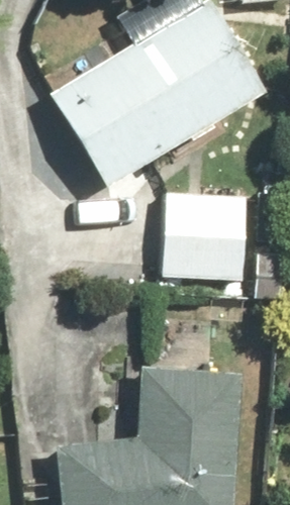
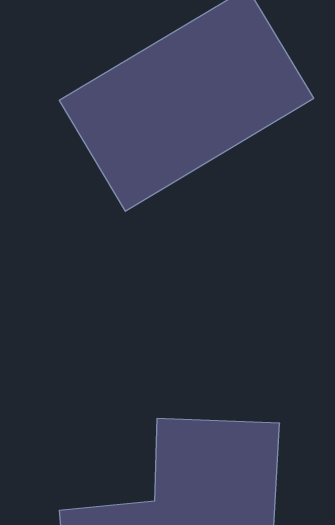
building: [162,193,247,281] -> none

